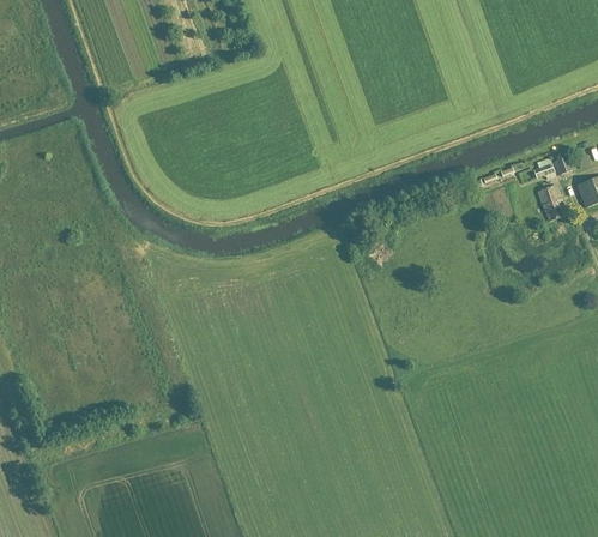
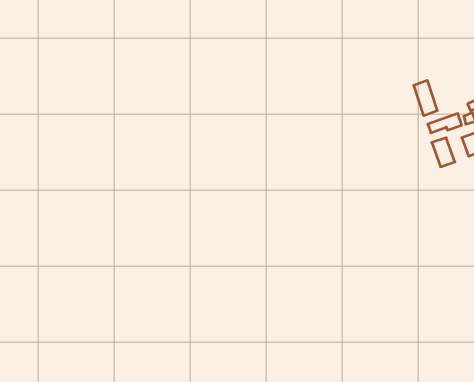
building: none -> [414,80,437,116]

